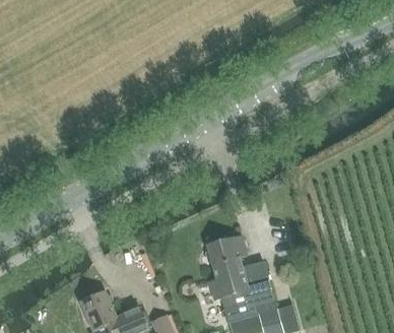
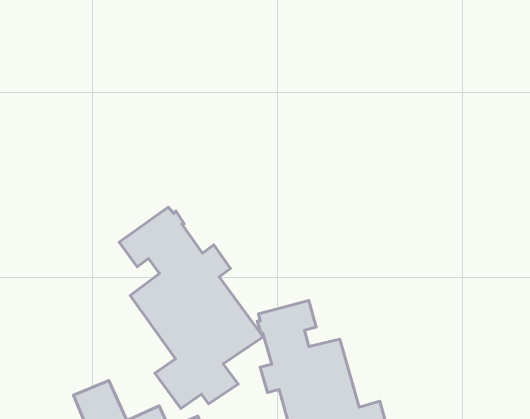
building: none -> [119,207,263,408]

